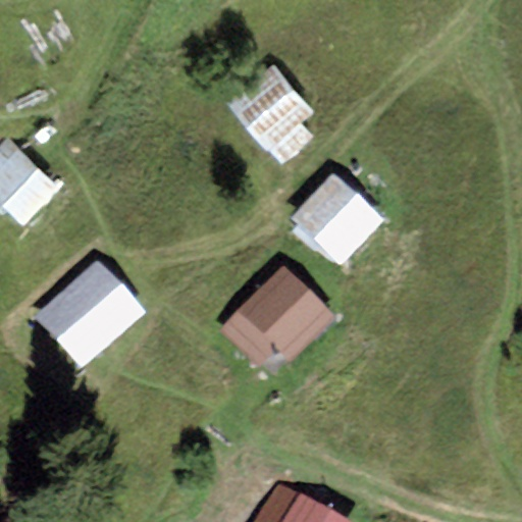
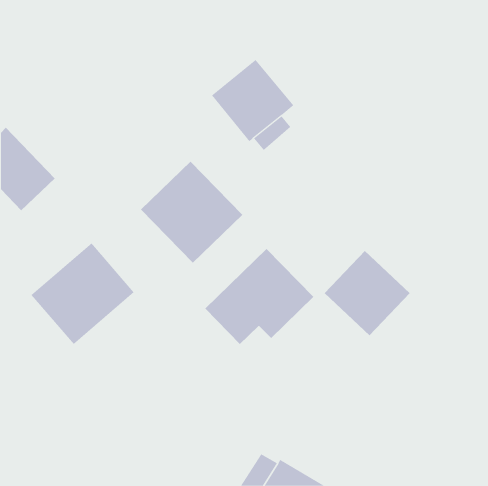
building: none -> [140,161,243,263]
building: [292,172,384,264] -> [324,250,411,336]

